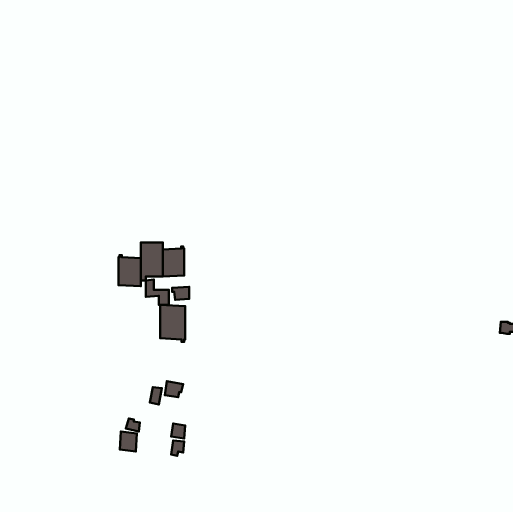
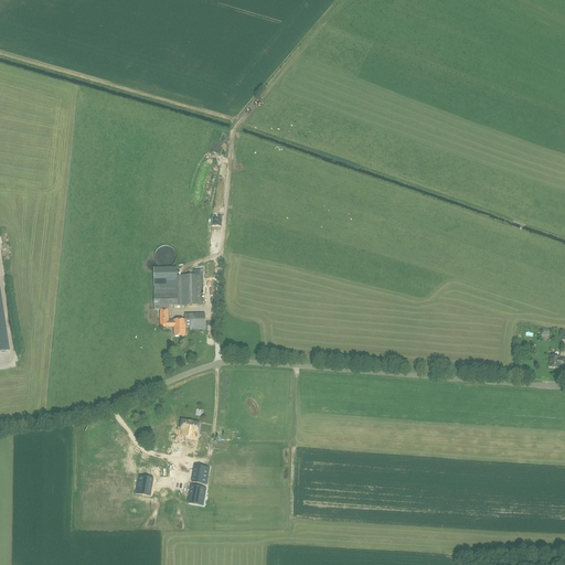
building: [119,255,141,286] -> none
building: [160,305,185,342] -> none

